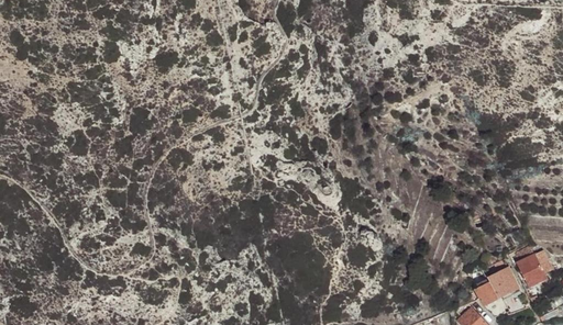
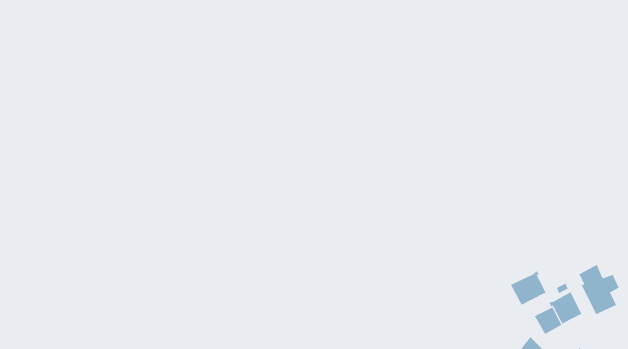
building: none -> [510,270,546,306]

